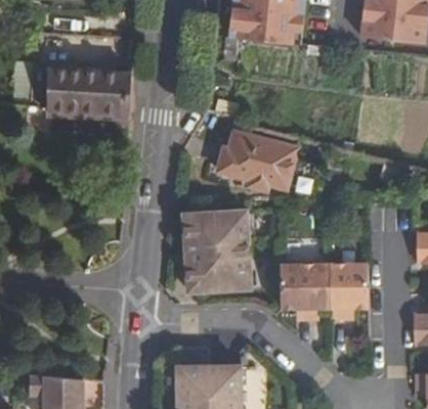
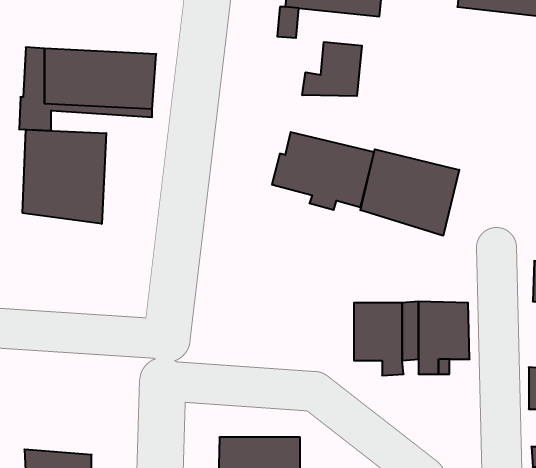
building: none -> [302,42,362,96]
building: none -> [23,130,106,224]
building: none -> [360,149,459,236]
building: [184,210,251,288] -> none

